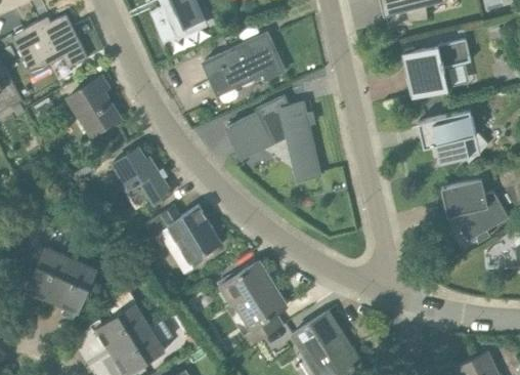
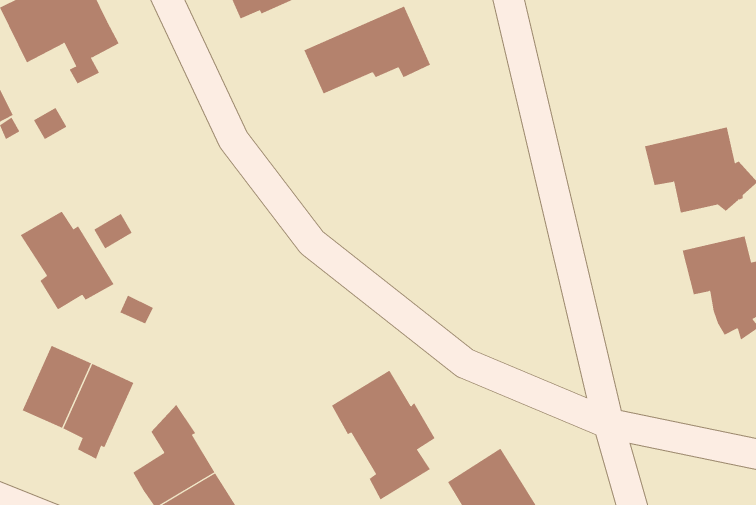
building: [402,40,471,99] -> none
building: [69,82,119,132] -> none
building: [227,98,320,181] -> none
building: [113,149,172,211] -> [20,211,114,310]
building: [144,206,222,263] -> none

